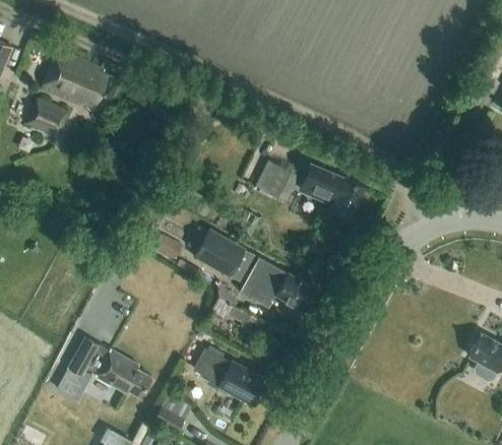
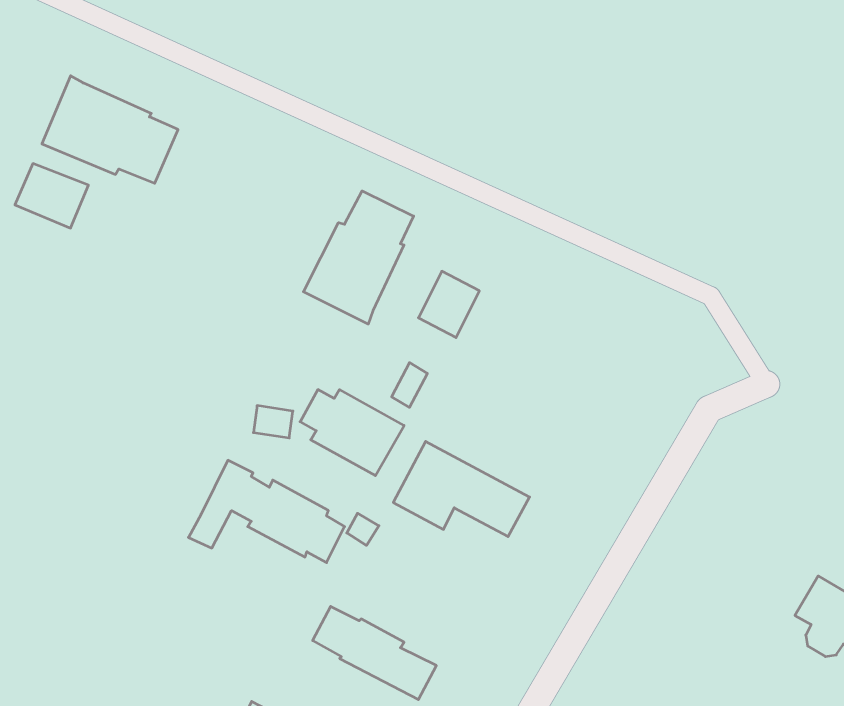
building: none -> [303,191,414,324]
building: [304,164,364,215] -> none
building: [65,341,153,399] -> [188,460,345,563]

